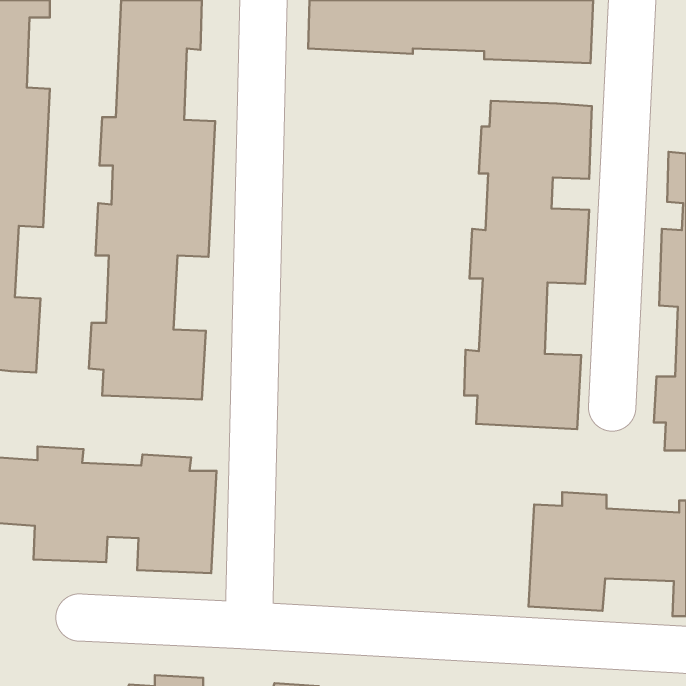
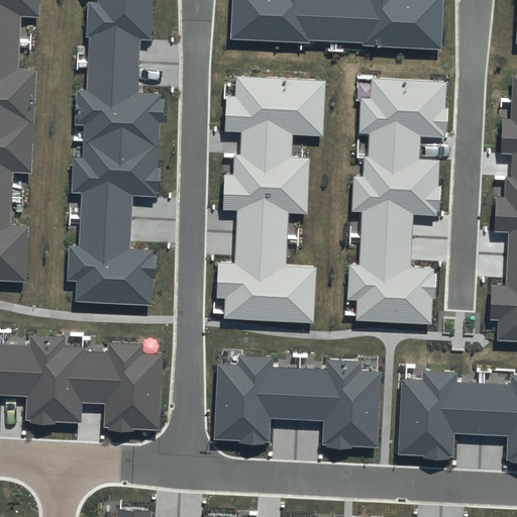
building: none -> [216,77,323,322]
building: none -> [213,355,381,450]

